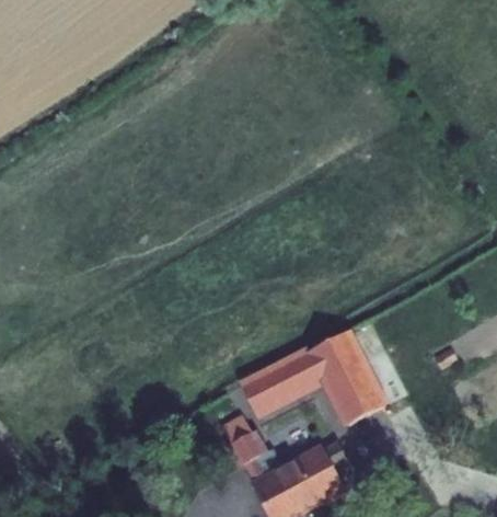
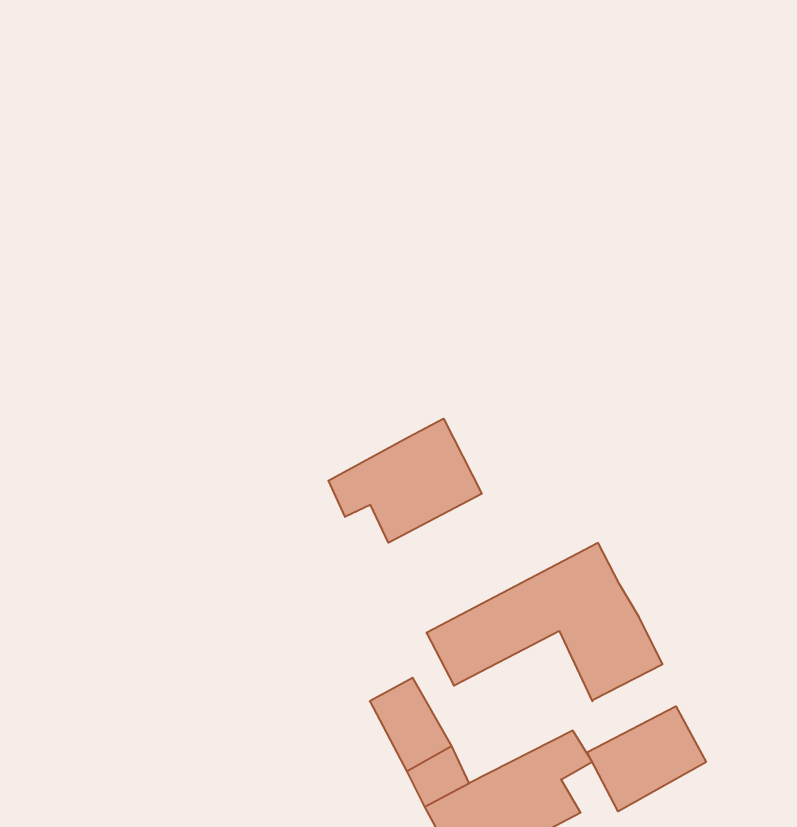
building: none -> [328,419,482,543]
building: none -> [587,706,706,811]

